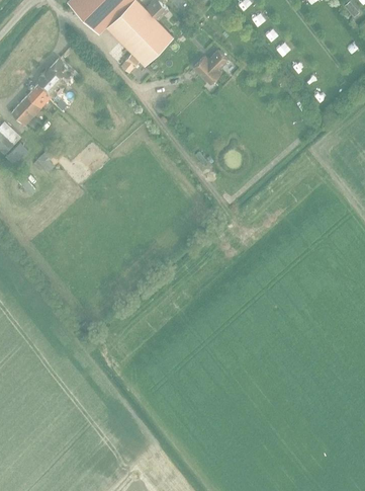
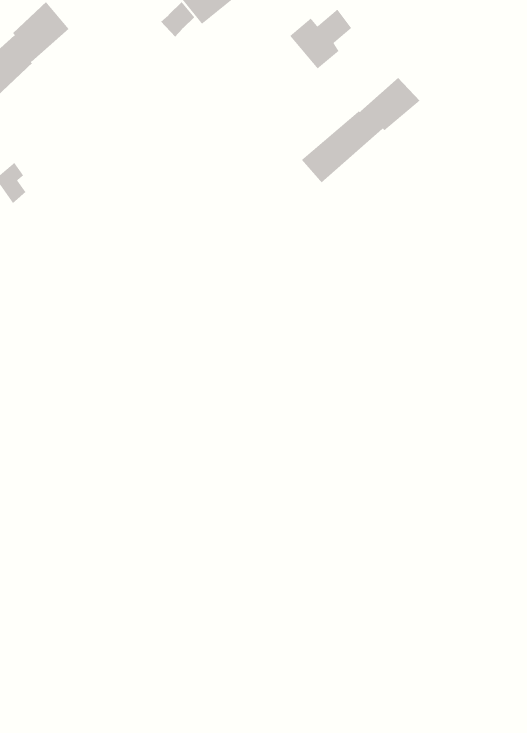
building: none -> [301,77,421,183]

